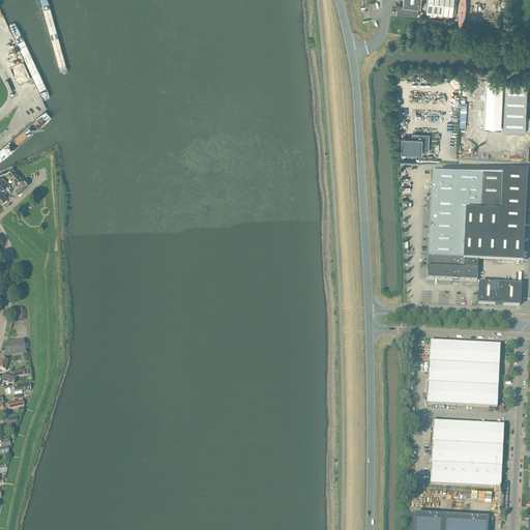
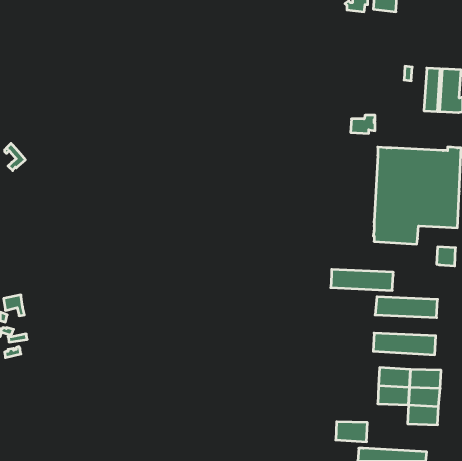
building: [479,281,501,302] -> none
building: [429,359,500,383] -> [331,269,393,290]
building: [432,461,468,483] -> [336,422,367,442]

